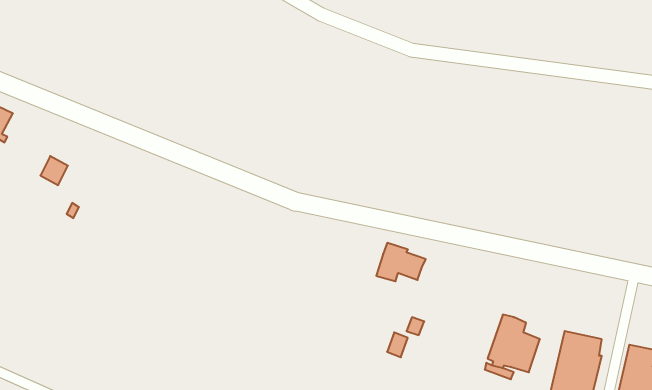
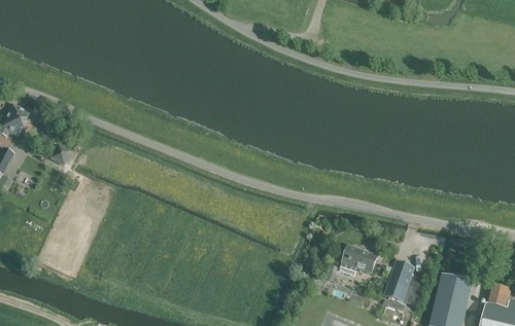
building: [376,243,426,281] -> [339,244,376,273]

